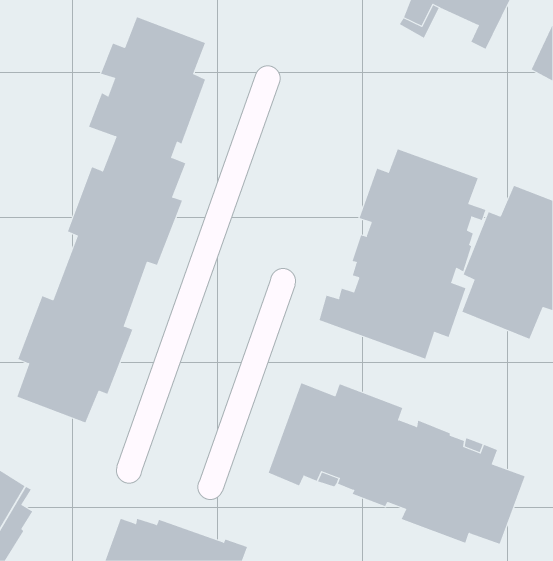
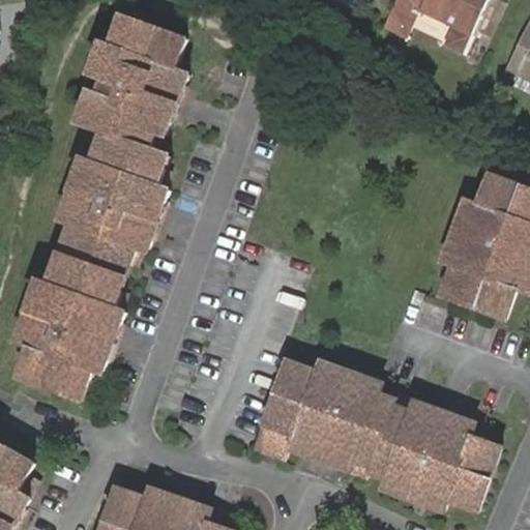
building: [319,149,486,360] -> none

